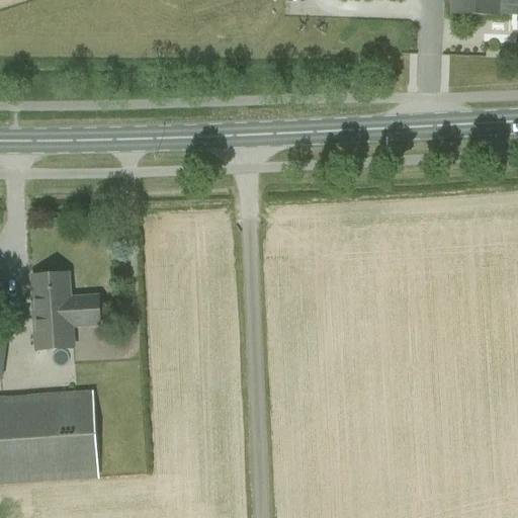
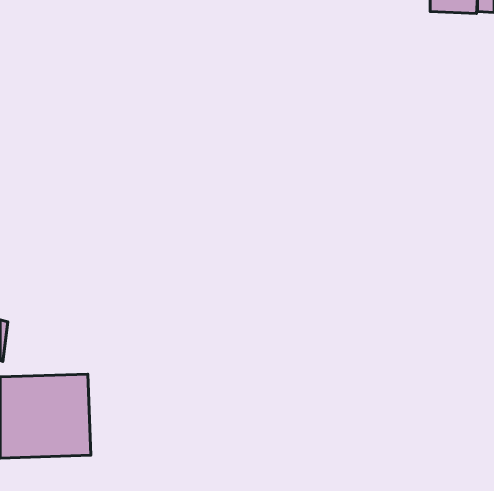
building: [31,270,100,348] -> none

